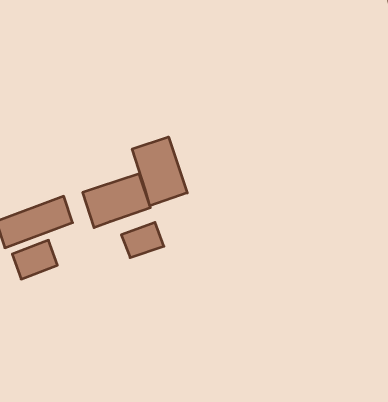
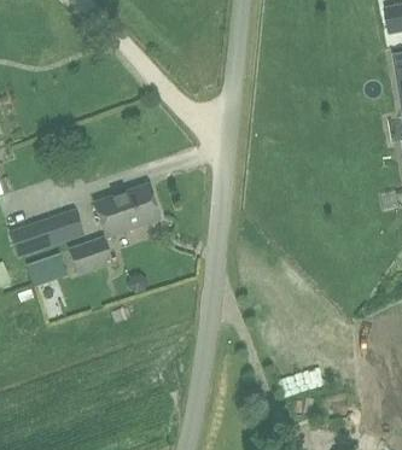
building: [132,137,187,206] -> none
building: [121,222,164,258] -> [70,238,111,271]

